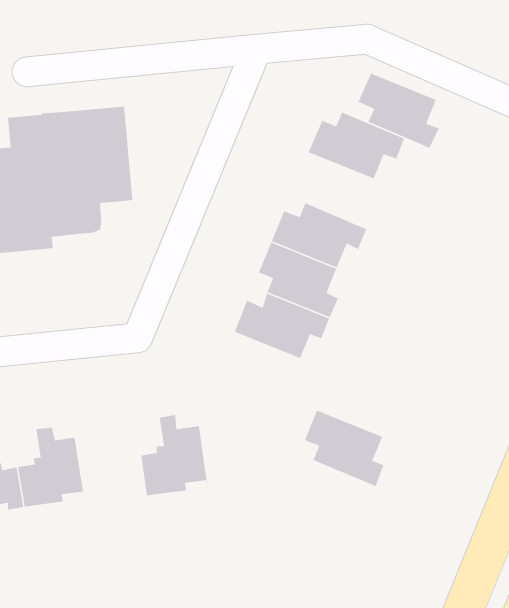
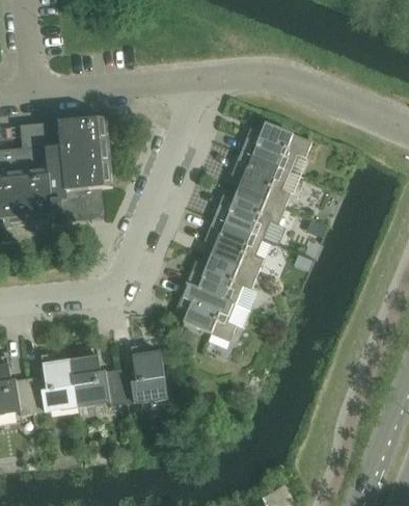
building: [358,73,440,149] -> [230,152,291,208]
building: [304,409,385,487] -> [176,284,236,341]
building: none -> [70,346,121,406]

